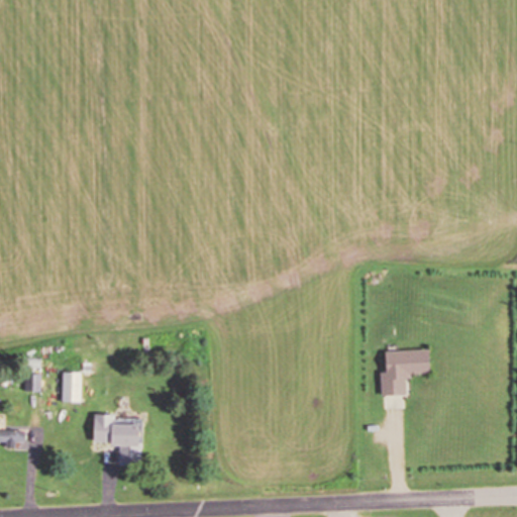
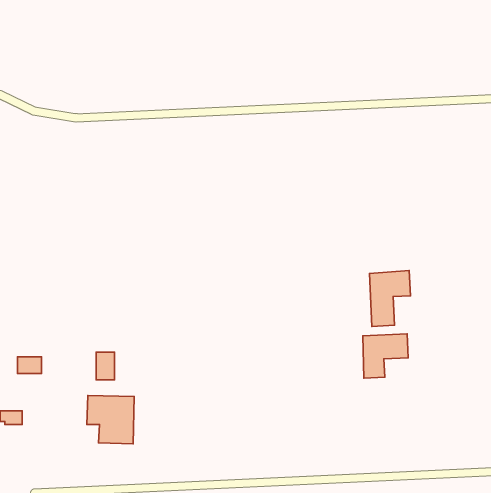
building: none -> [369,271,410,326]
building: [63,373,82,402] -> [96,352,115,380]

